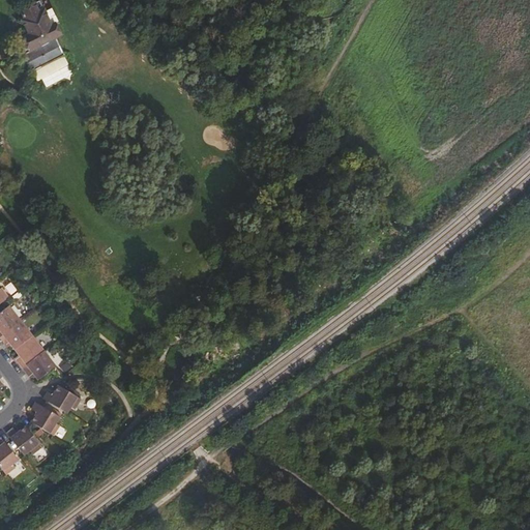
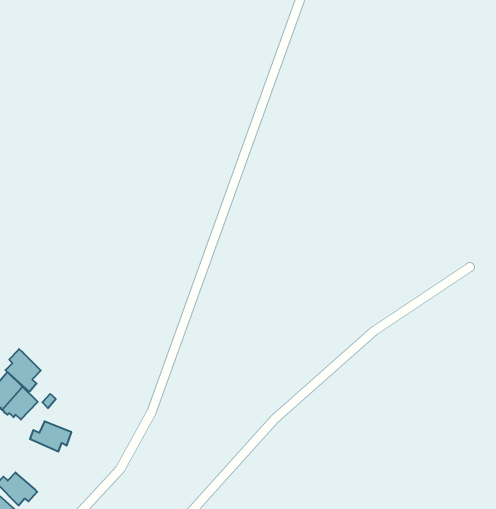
building: none -> [5,349,41,392]
building: [30,401,60,435] -> none

